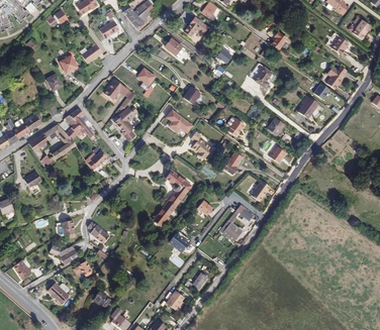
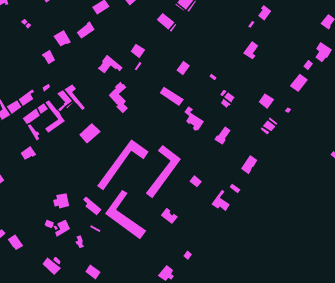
building: none -> [96,138,150,191]
building: none -> [104,189,147,241]

